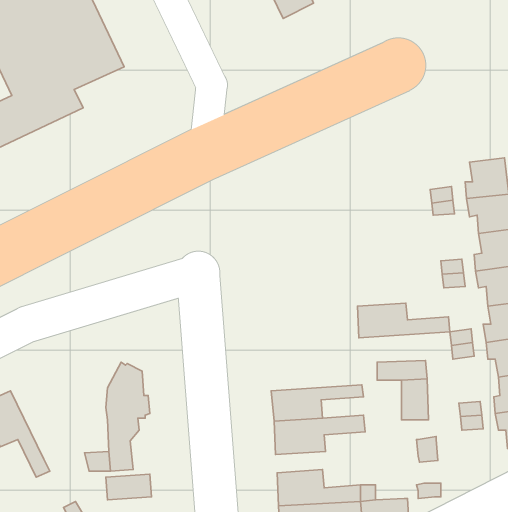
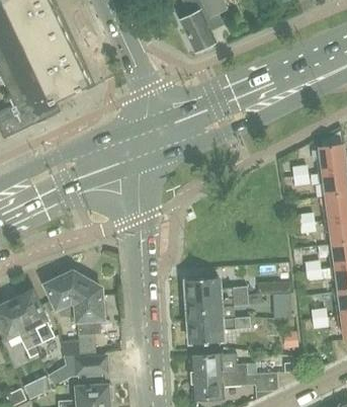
building: [357,303,450,338] -> [185,277,247,301]
building: none -> [45,271,86,320]
building: none -> [12,290,54,346]

